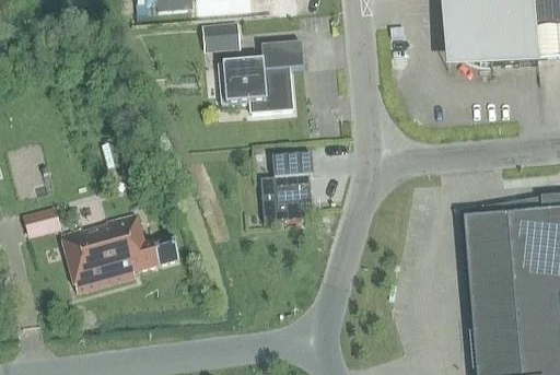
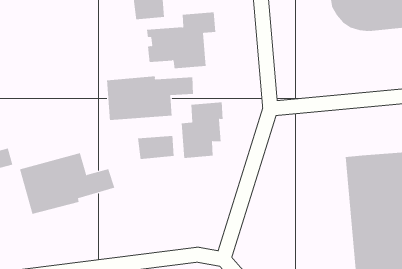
building: none -> [106,76,193,121]
building: none -> [137,135,174,160]

